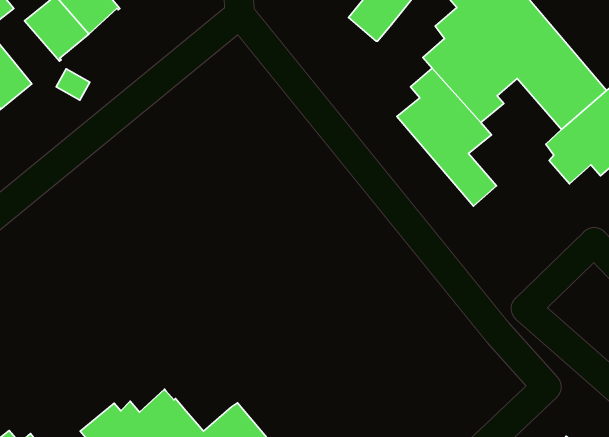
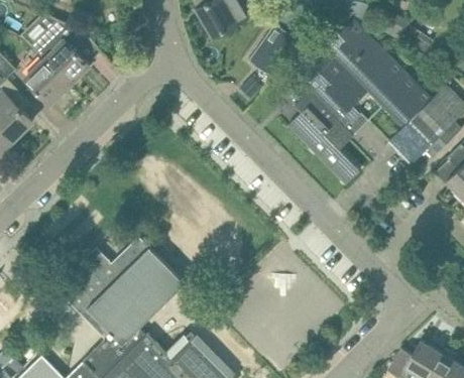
building: none -> [62,236,185,344]

